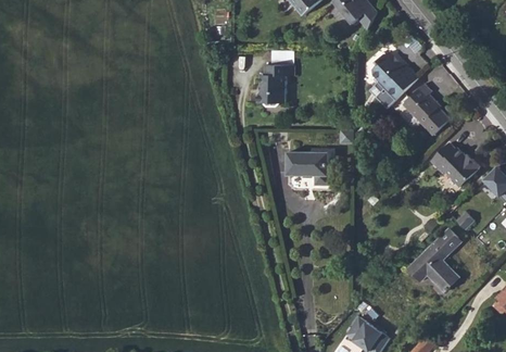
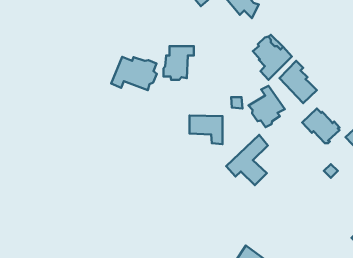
building: none -> [111,57,157,90]
building: none -> [248,86,285,127]
building: [408,228,460,291] -> [226,135,268,185]

